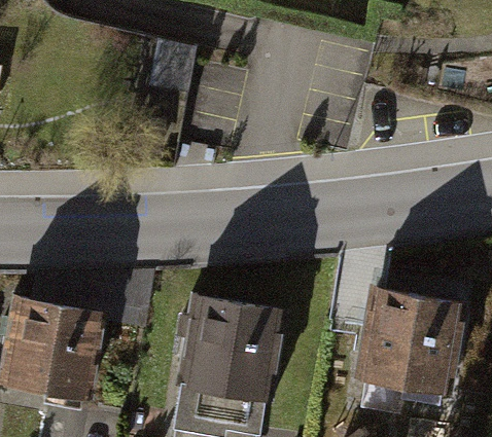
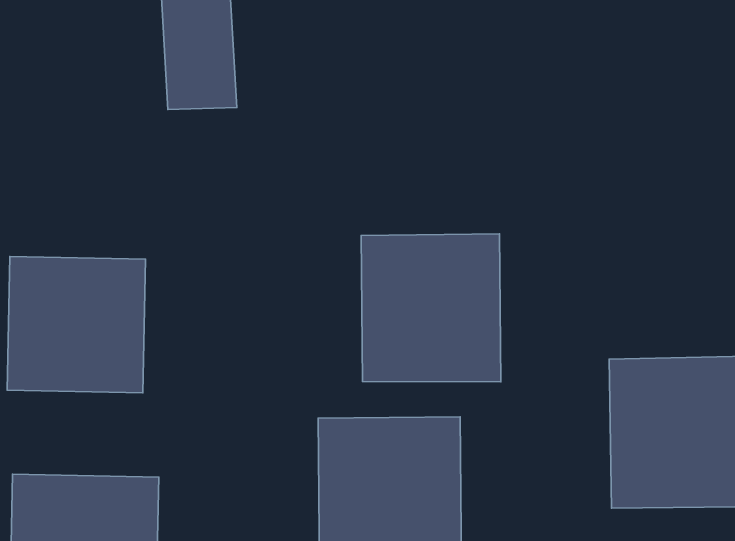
building: none -> [7,257,146,393]
building: none -> [361,234,501,382]

